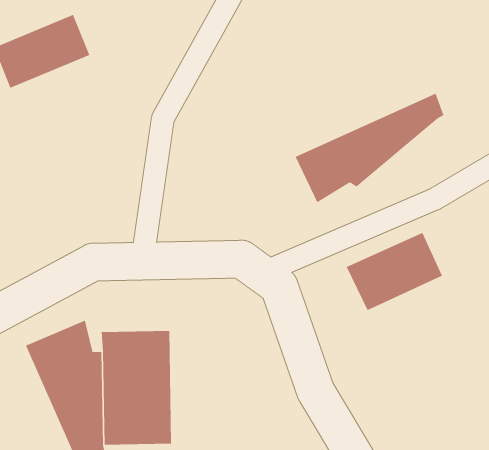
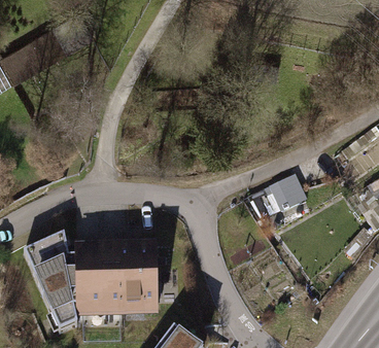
building: [295,93,444,203] -> none
building: none -> [122,239,159,317]

